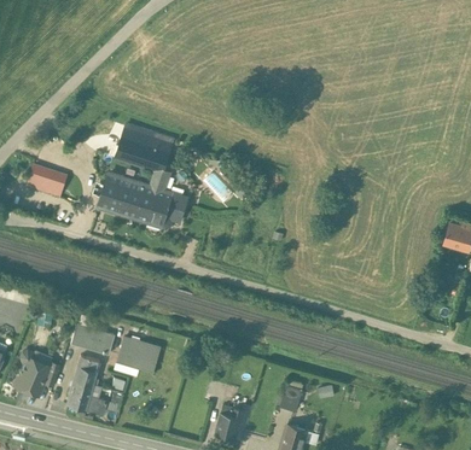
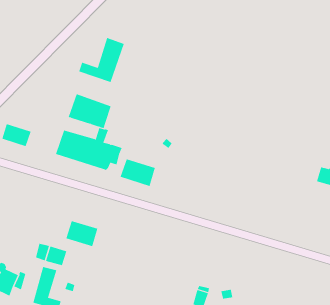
building: none -> [79,37,124,83]
building: none -> [120,159,155,187]
building: [116,338,159,373] -> [66,220,98,247]

